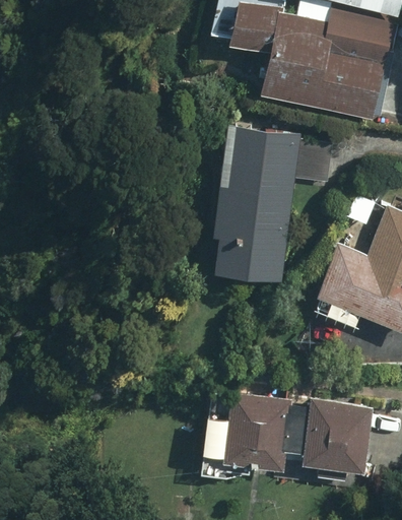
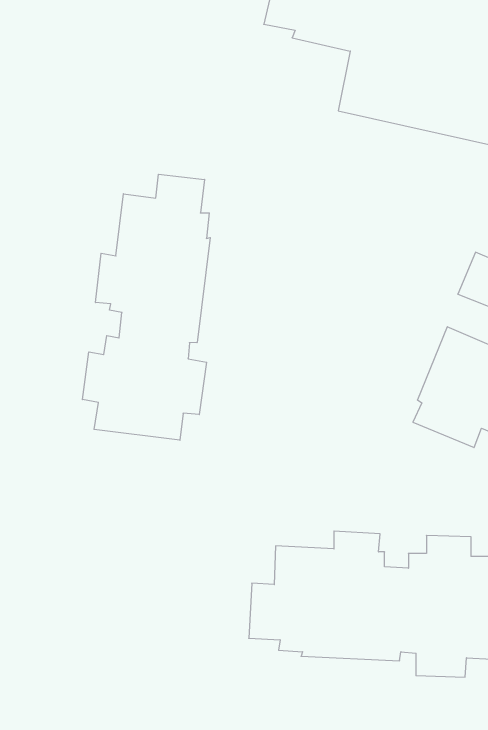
building: [211,127,334,280] -> none
building: none -> [82,174,210,440]

